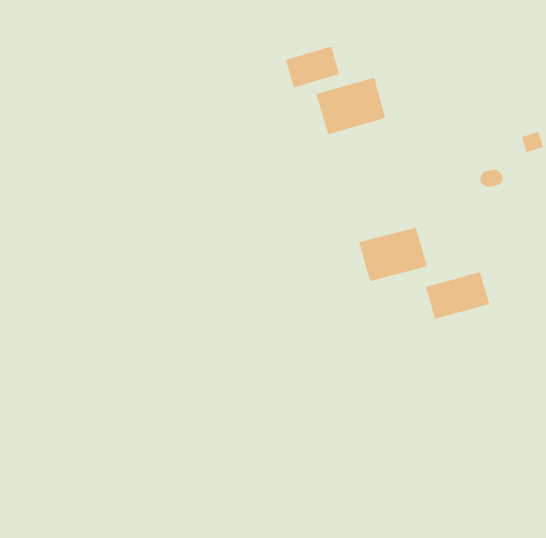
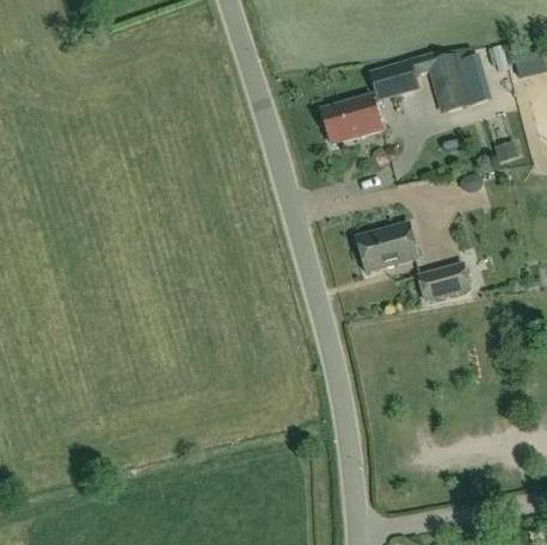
building: none -> [432,51,485,110]
building: [285,45,340,89] -> [370,58,418,95]

